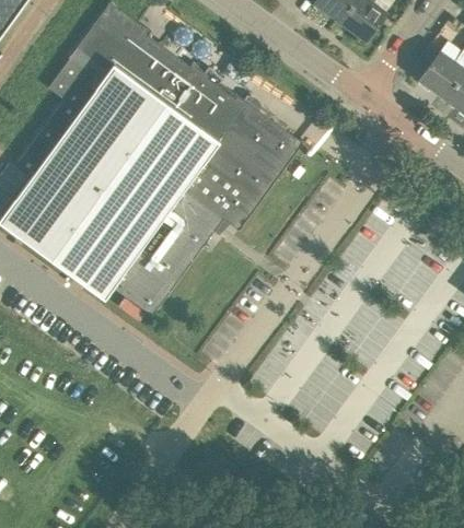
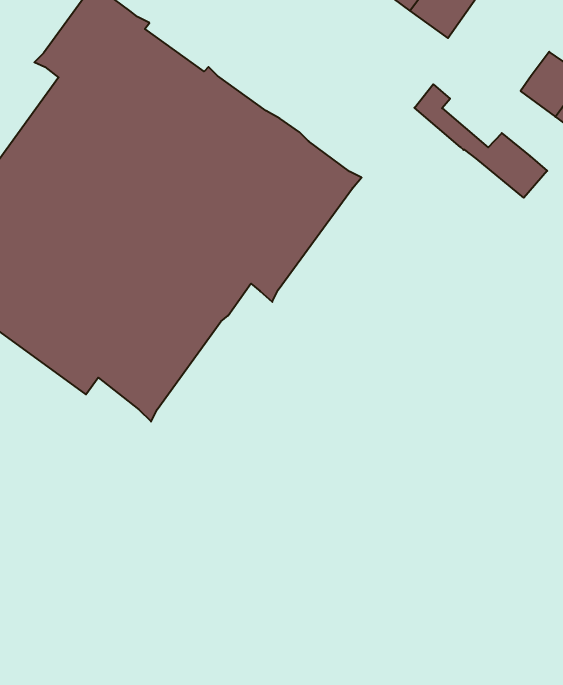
building: none -> [414,84,547,198]

